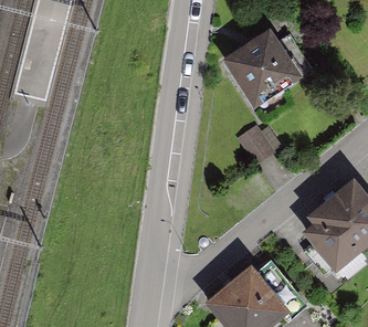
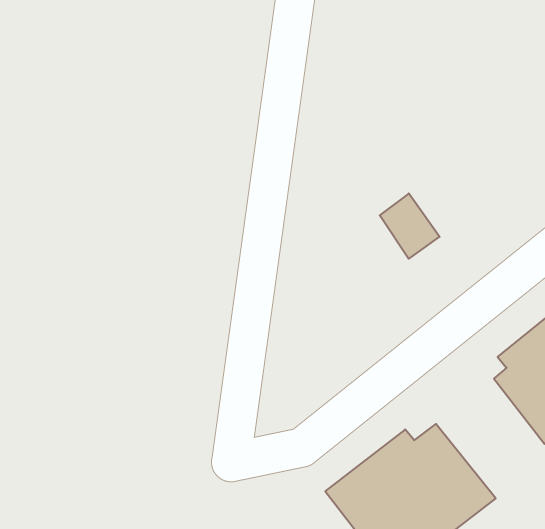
building: [225,28,297,101] -> none

